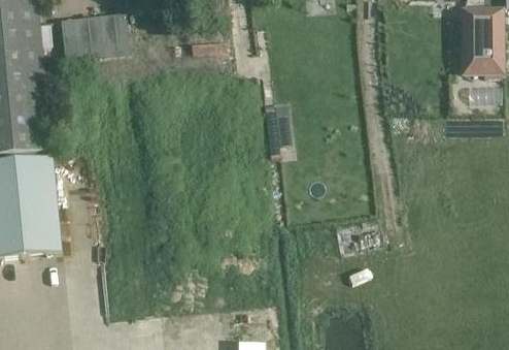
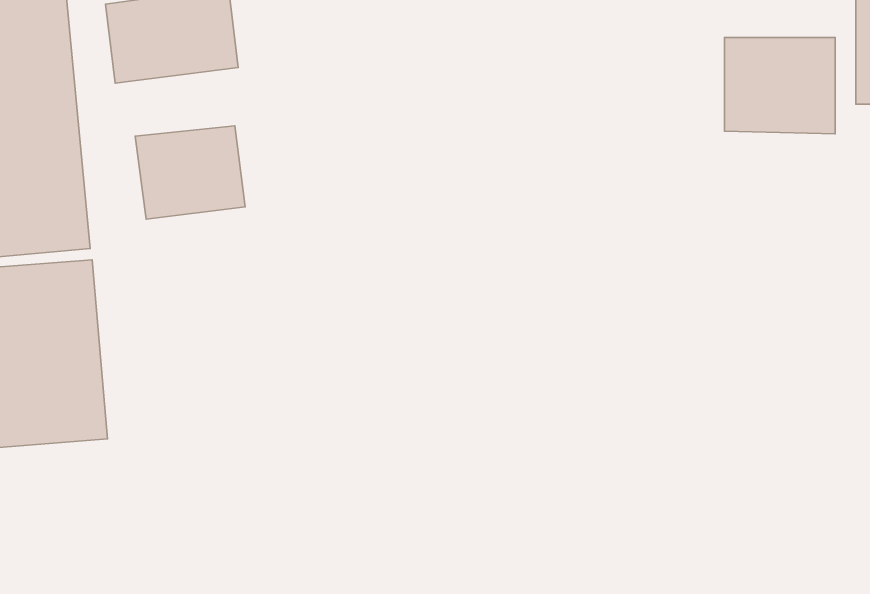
building: none -> [725,38,835,134]
building: none -> [135,126,245,219]

